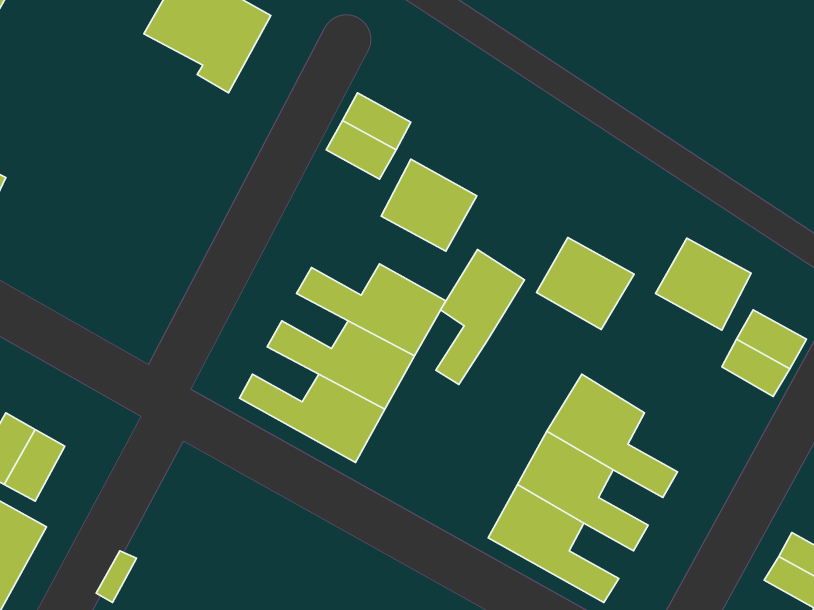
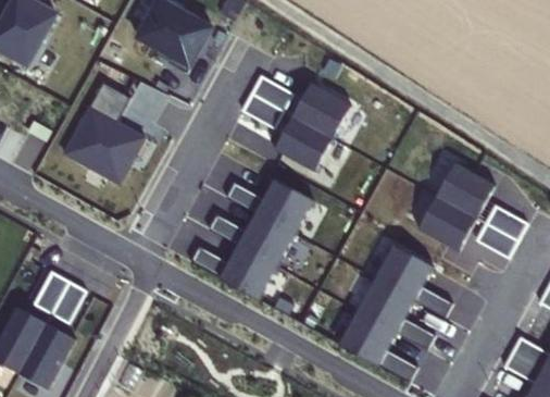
building: none -> [64,83,146,184]
building: none -> [293,86,351,140]
building: [537,237,634,329] -> [420,198,477,252]
building: [436,249,524,384] -> none

